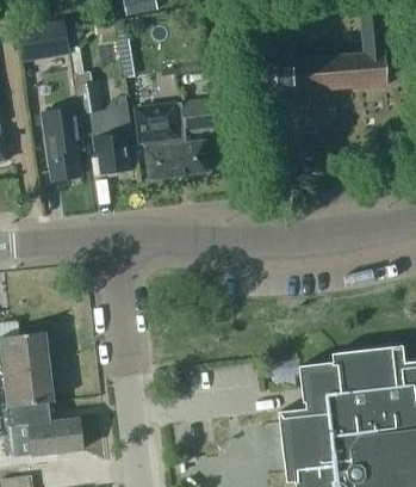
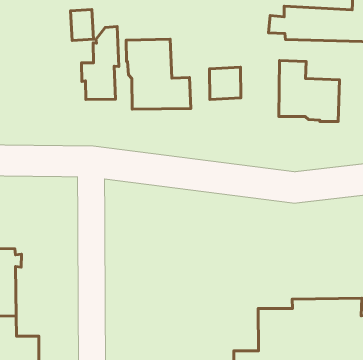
building: [181,97,216,132] -> [210,67,241,99]
building: [43,106,82,181] -> none
building: none -> [279,60,339,121]

